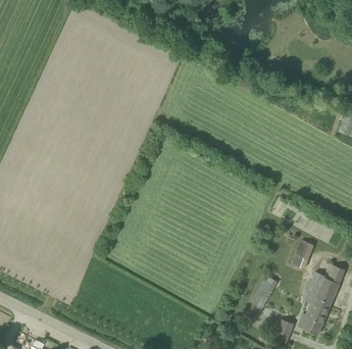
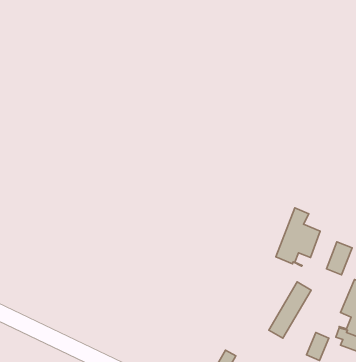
building: none -> [276,208,320,266]

